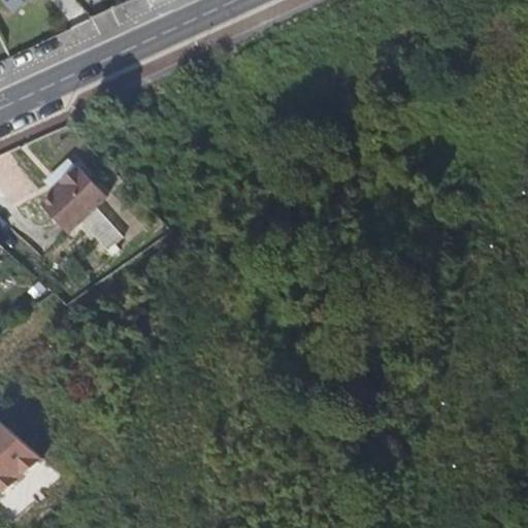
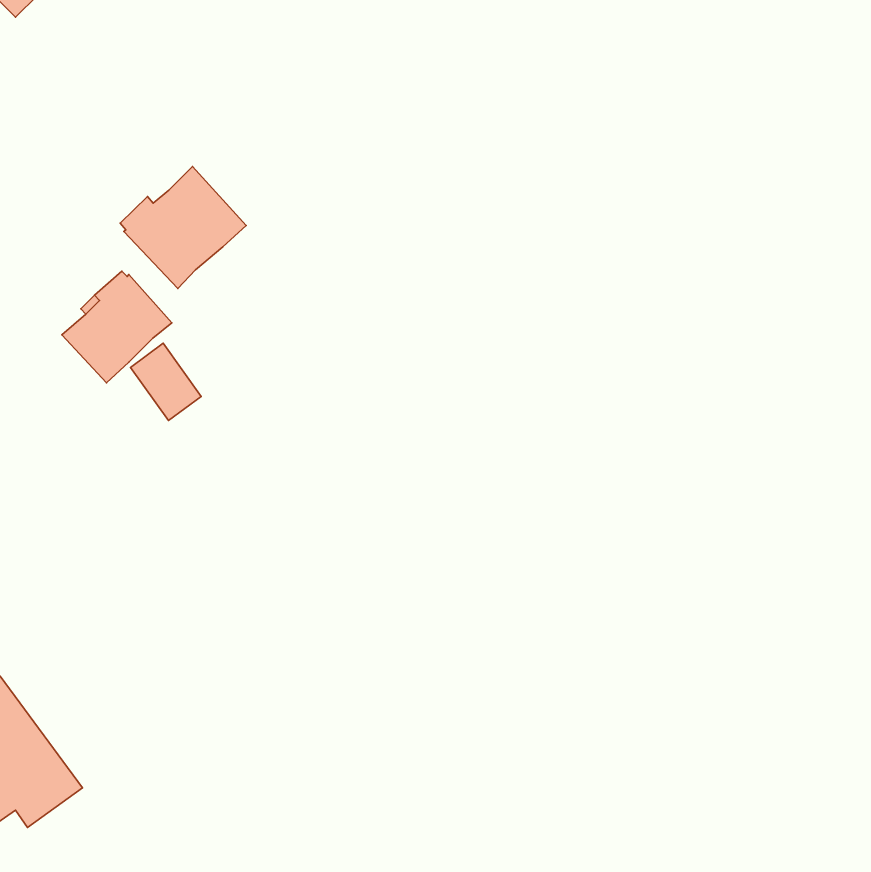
building: none -> [120,167,246,288]

